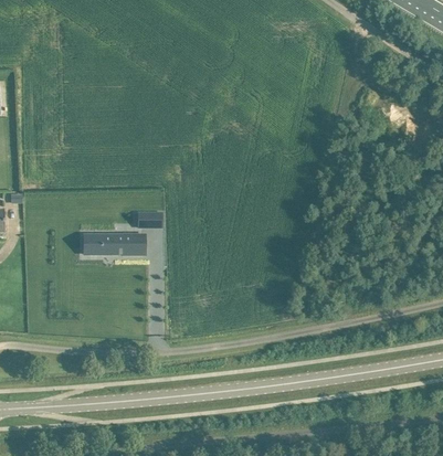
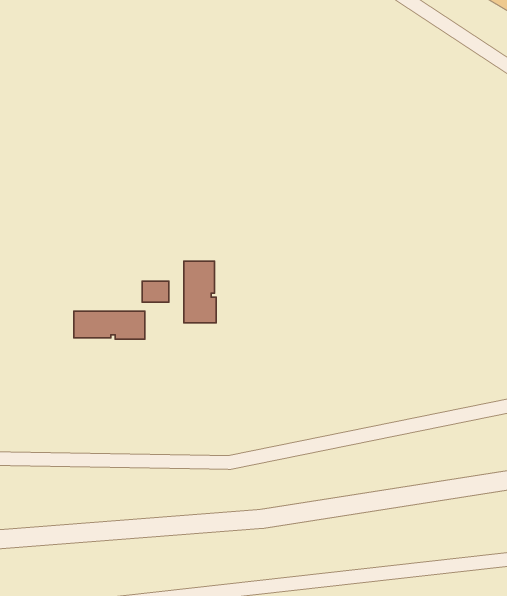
building: none -> [184,261,216,323]

